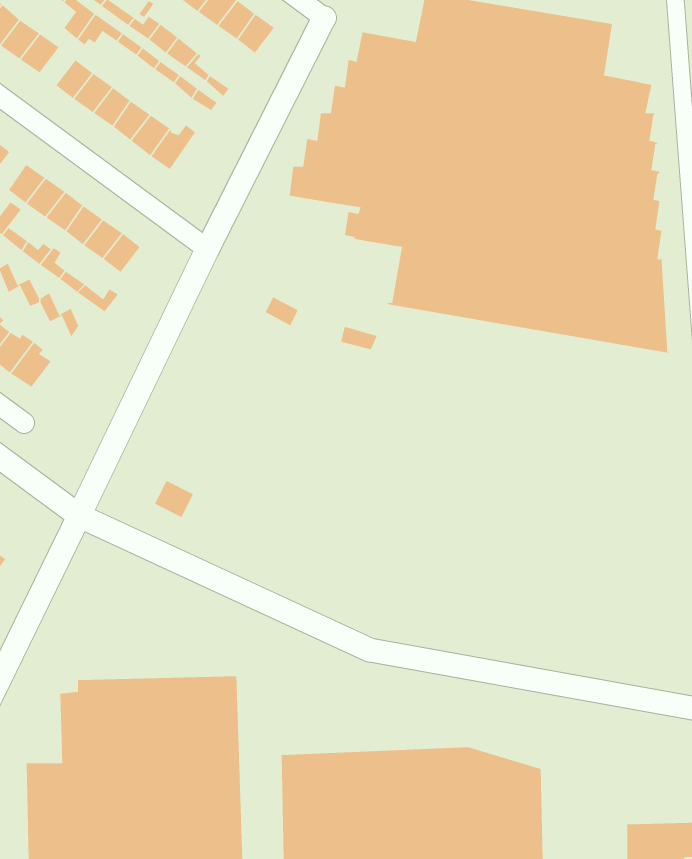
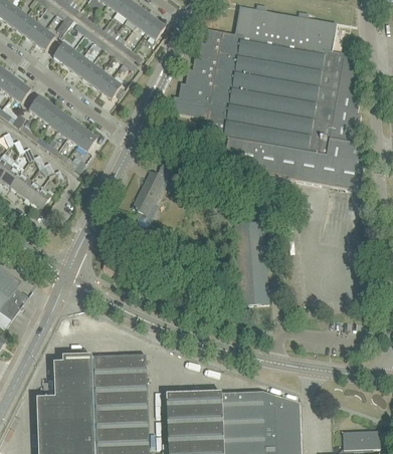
building: none -> [132,170,165,213]
building: none -> [234,220,268,303]

